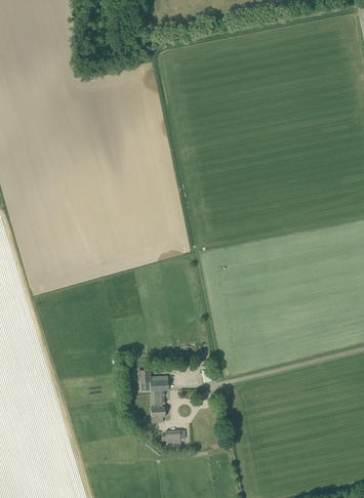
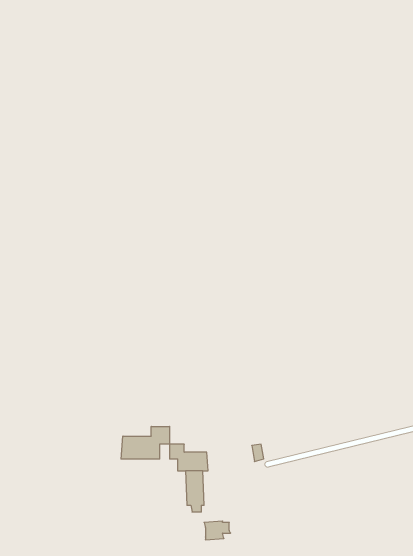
building: none -> [121,426,170,459]

